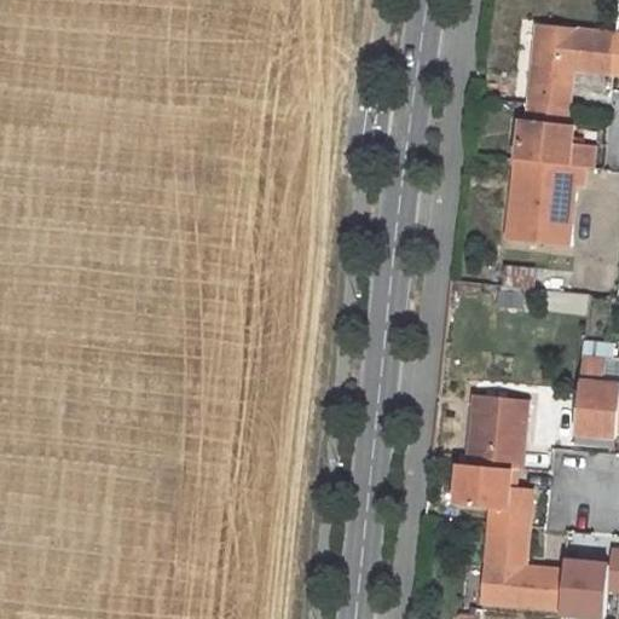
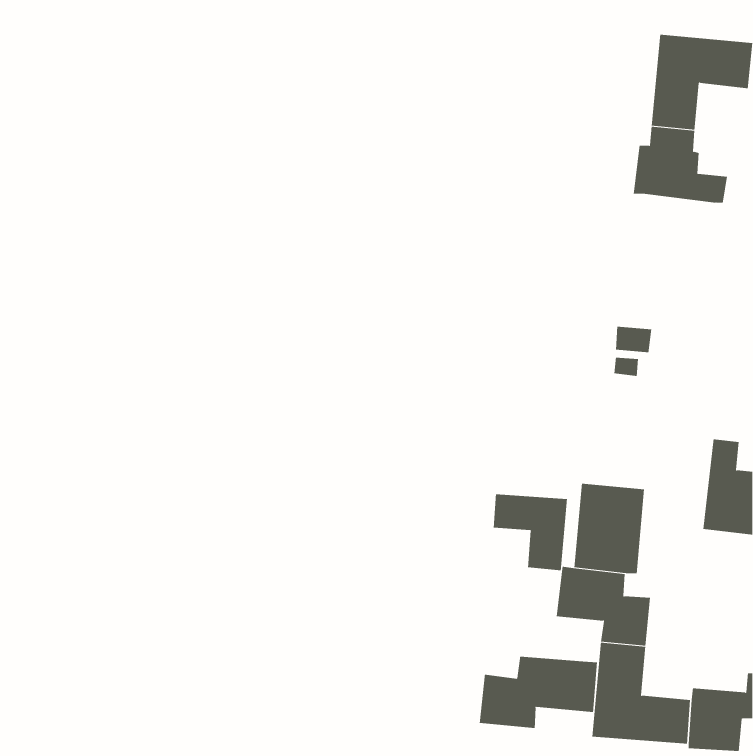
building: [508,158,584,244] -> none
building: none -> [493,493,568,571]
building: none -> [479,656,598,729]

